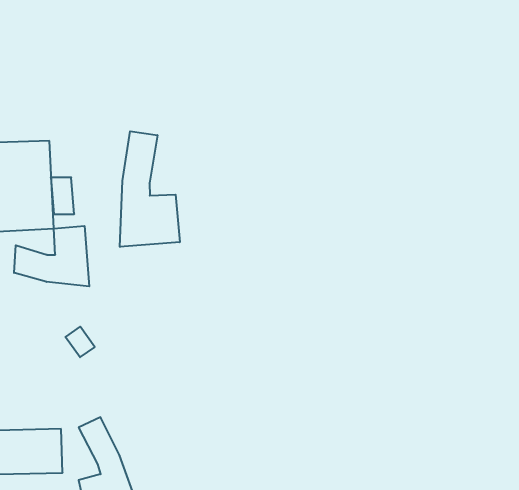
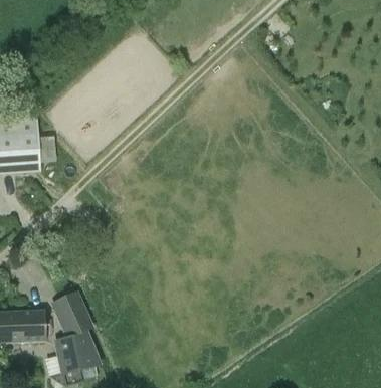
building: [120,131,180,247] -> none
building: [14,226,89,286] -> none

